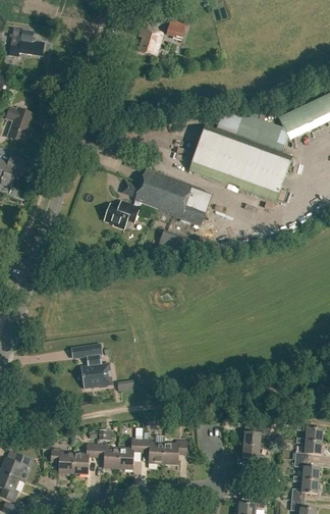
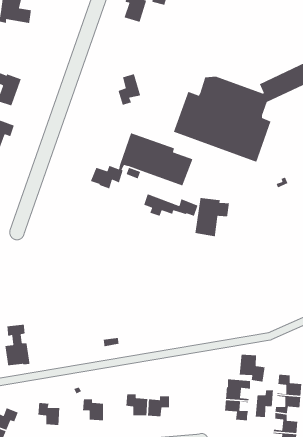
building: none -> [118,73,141,106]
building: none -> [194,197,230,237]
building: [80,344,107,388] -> [5,324,30,366]
building: none -> [239,354,265,382]
building: none -> [255,389,274,418]
building: [118,438,142,468] -> none
building: [72,443,97,473] -> none

